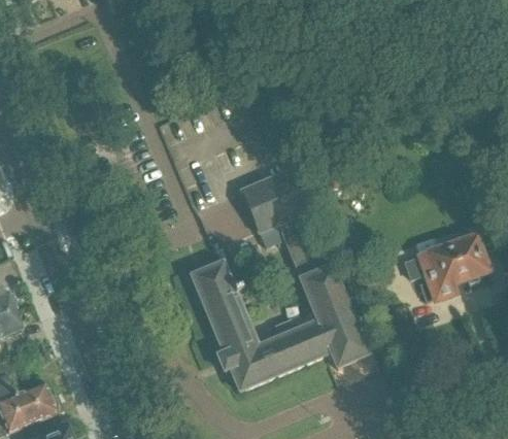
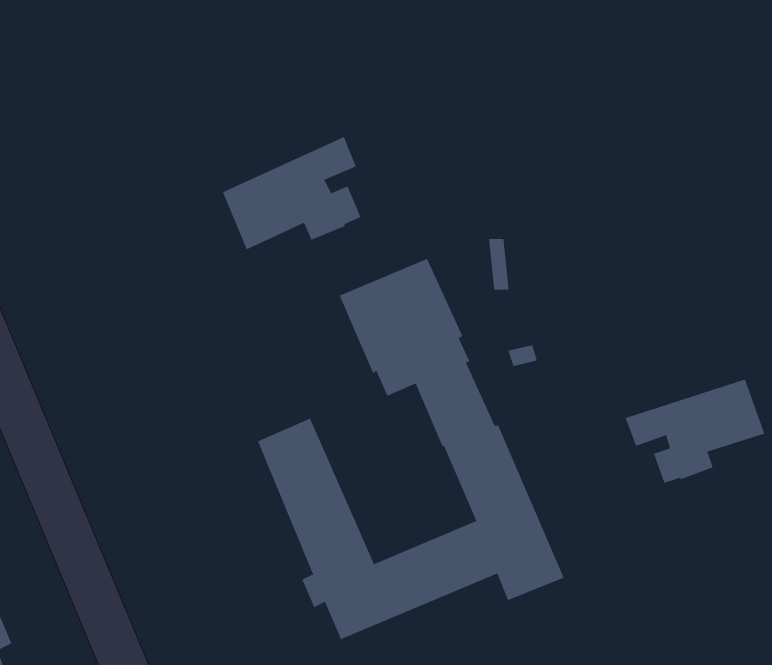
building: none -> [222,136,361,250]

